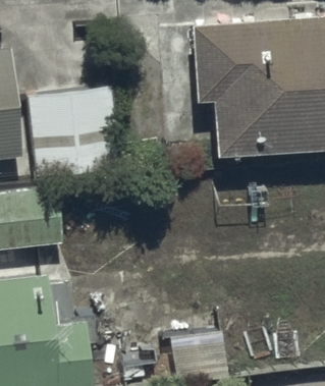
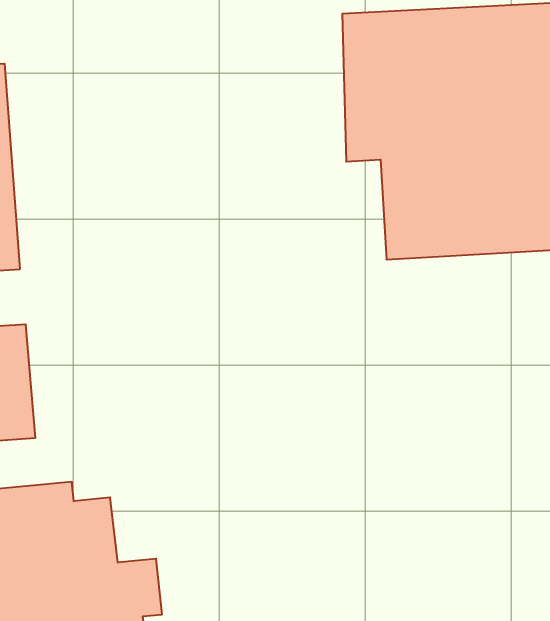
building: [30,90,121,173] -> none

